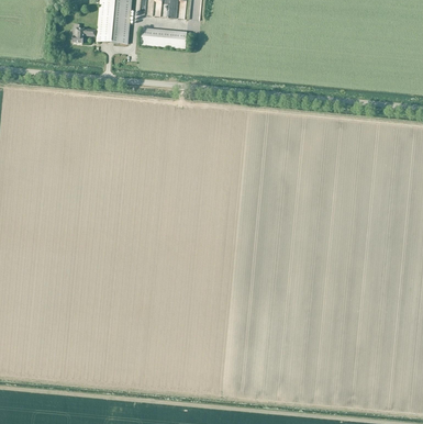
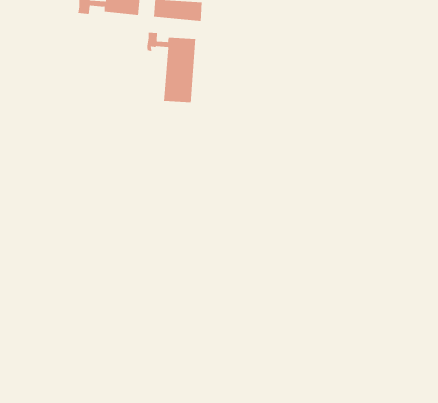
building: none -> [147,32,196,103]

